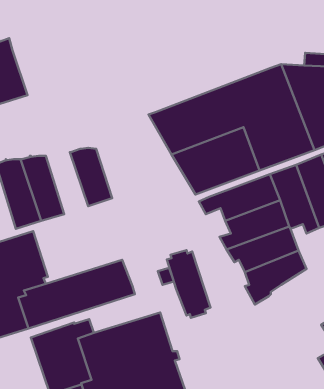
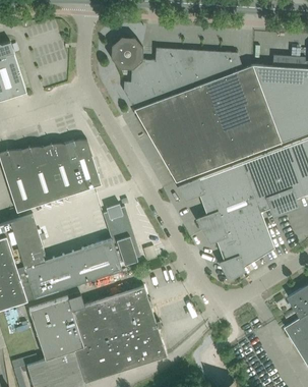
building: none -> [111,38,243,111]
building: none -> [43,144,80,200]
building: [167,250,210,318] -> [103,206,141,266]

